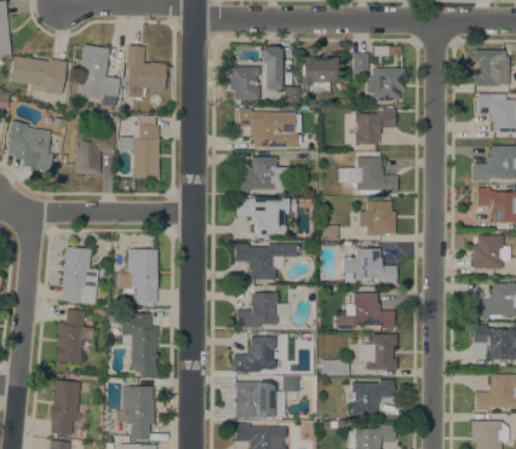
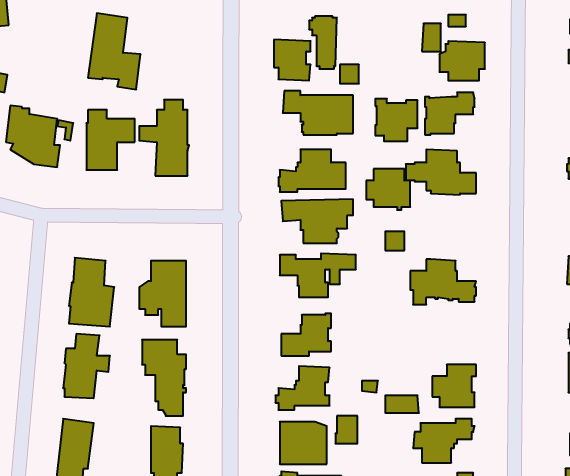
building: [126,44,167,99] -> none
building: [11,56,67,93] -> none
building: [303,56,338,91] -> [375,99,418,141]
building: [360,201,396,235] -> [366,169,410,210]
building: [336,292,395,328] -> none

